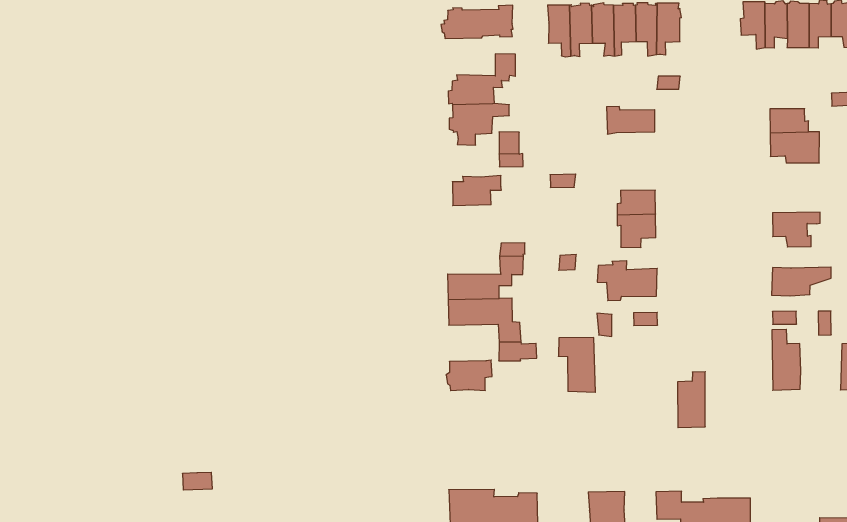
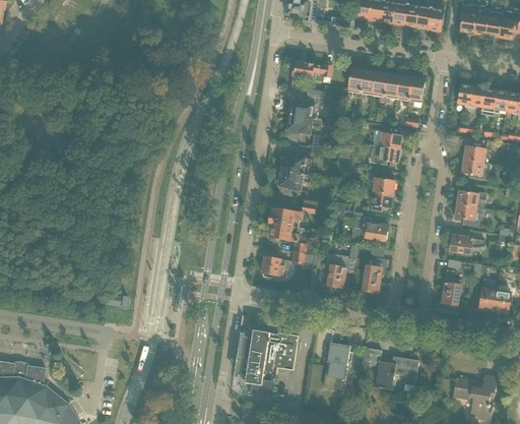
building: none -> [370,144,399,164]
building: none -> [457,190,485,207]
building: none -> [277,170,310,194]
building: [678,372,705,428] -> [362,260,382,292]

